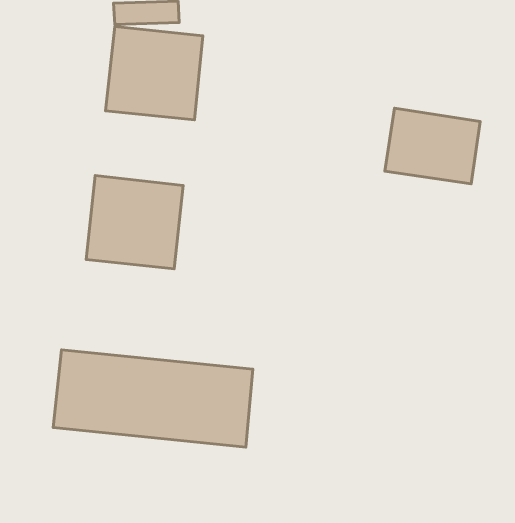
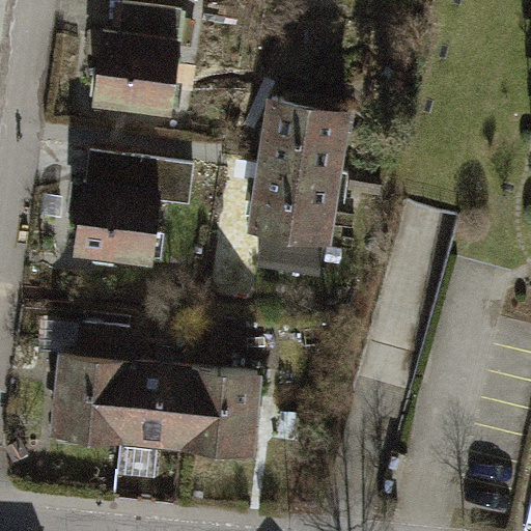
building: none -> [247,94,343,269]
building: [385,108,480,184] -> none

